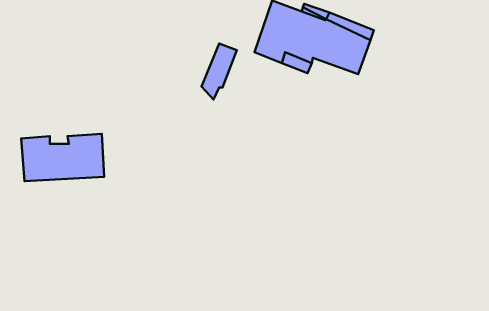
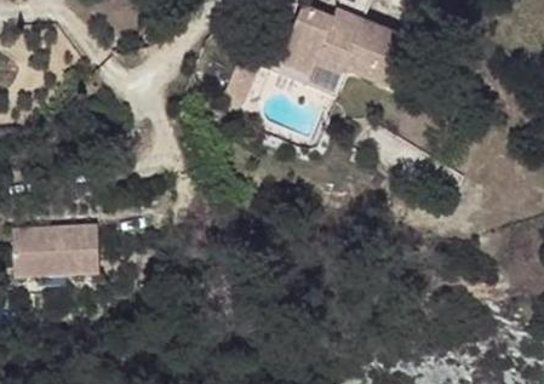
building: [21,134,104,181] -> [12,225,103,277]

